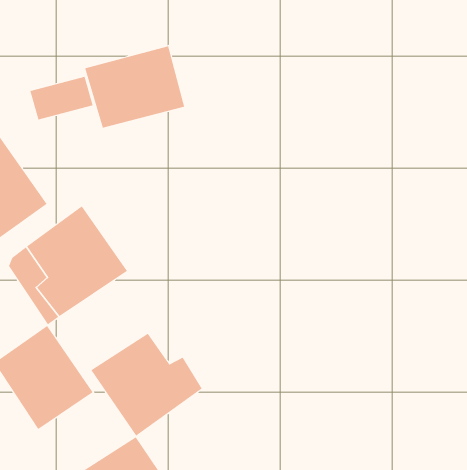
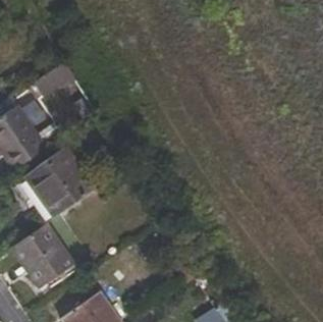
building: [85,45,185,129] -> none
building: [91,333,202,436] -> none

